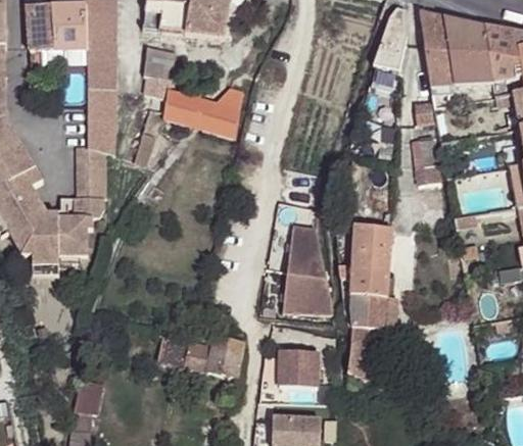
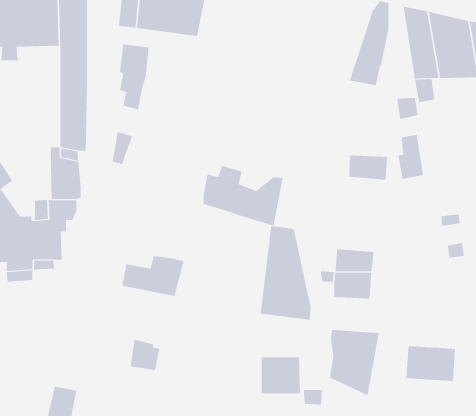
building: [163,79,242,138] -> [203,165,284,226]
building: [355,224,394,248] -> [348,155,388,180]
building: [350,292,399,327] -> [406,346,456,382]
building: [180,334,241,374] -> [122,256,185,296]

